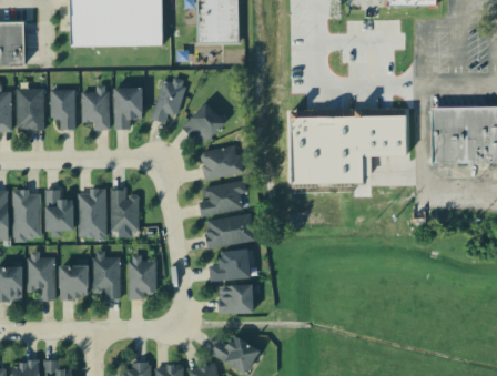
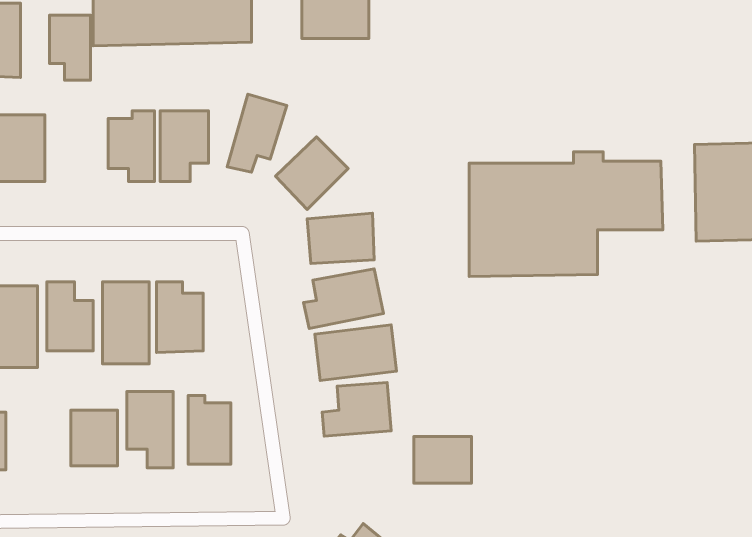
building: [51,90,75,129] -> [50,15,91,80]
building: [28,253,54,299] -> none
building: [219,285,253,313] -> [414,437,472,483]

